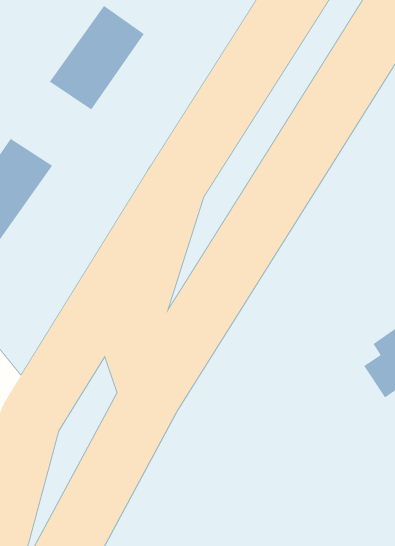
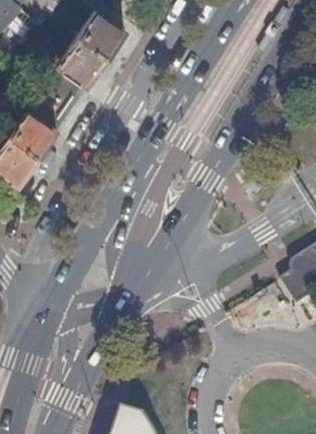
building: none -> [27,67,86,129]

